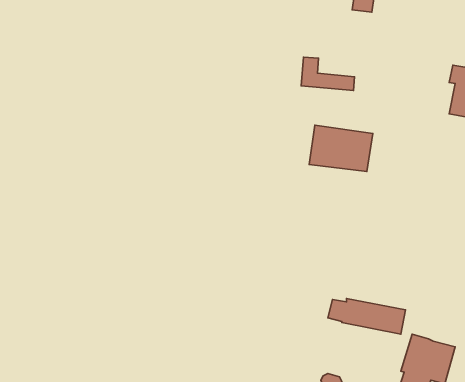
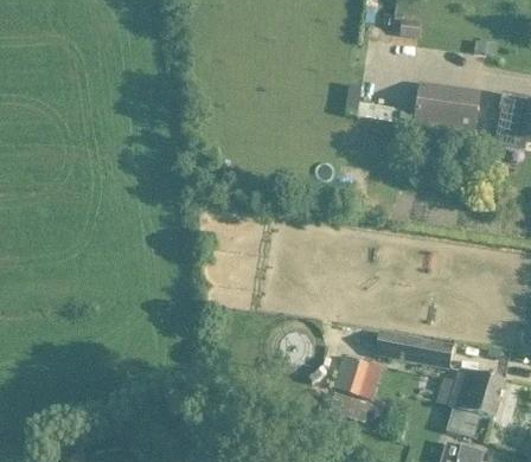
building: [309,125,373,171] -> [416,83,481,130]
building: none -> [334,352,370,392]

